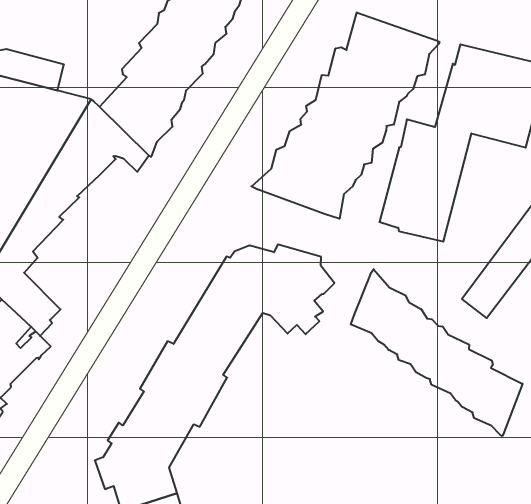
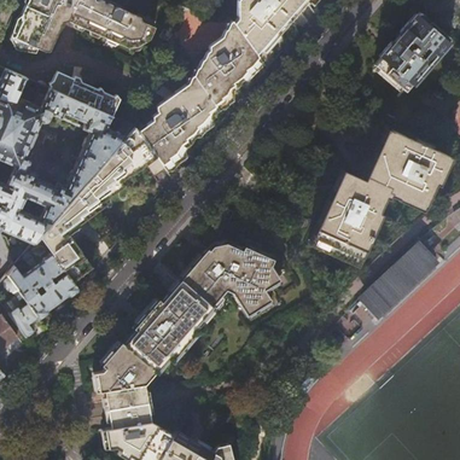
building: [251,12,440,219] -> none
building: [351,269,523,436] -> none

